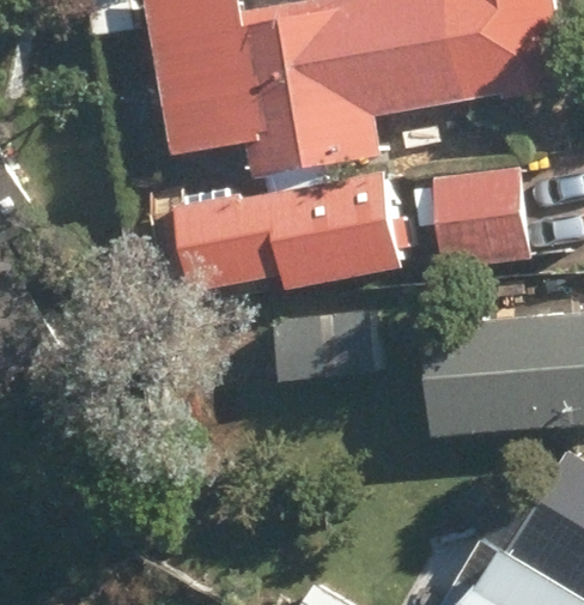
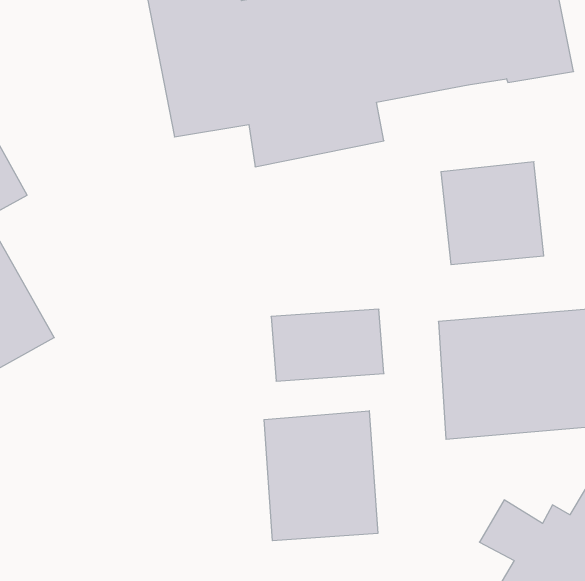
building: [185,173,406,291] -> none
building: none -> [264,411,378,541]

